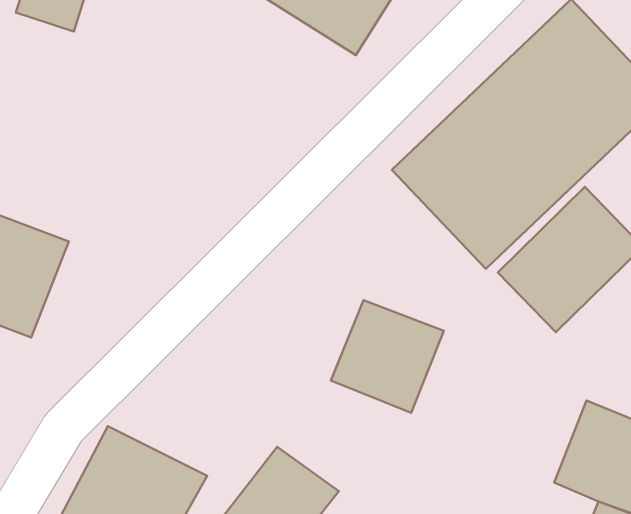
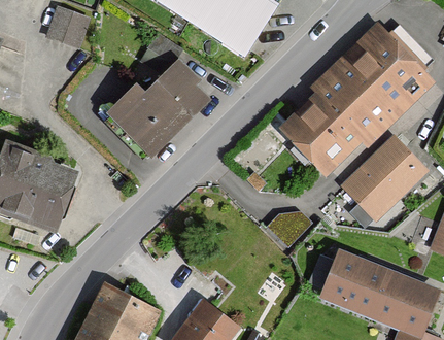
building: none -> [100,60,214,163]
building: [331,300,444,413] -> [321,248,389,316]

